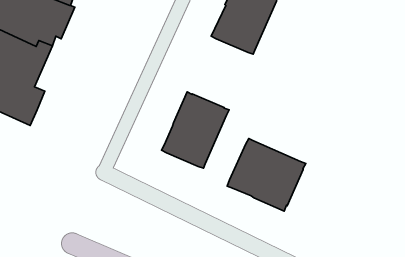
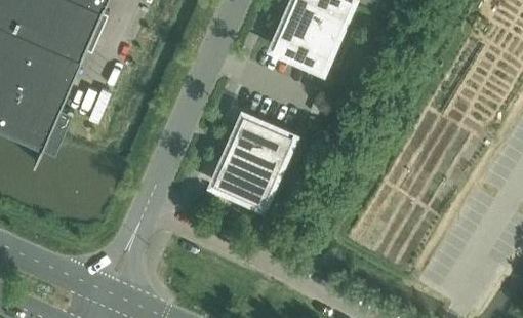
building: [227,138,306,211] -> none

